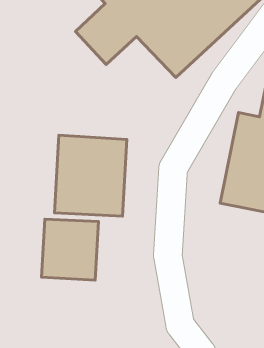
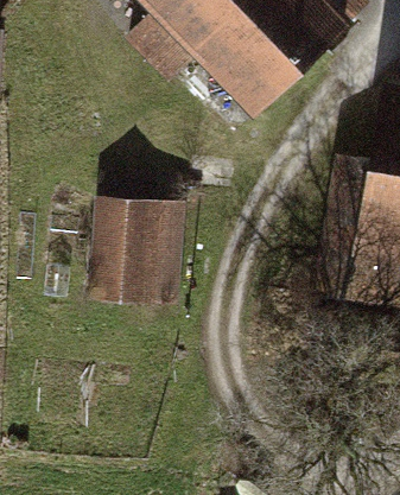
building: [42,219,98,280] -> none

